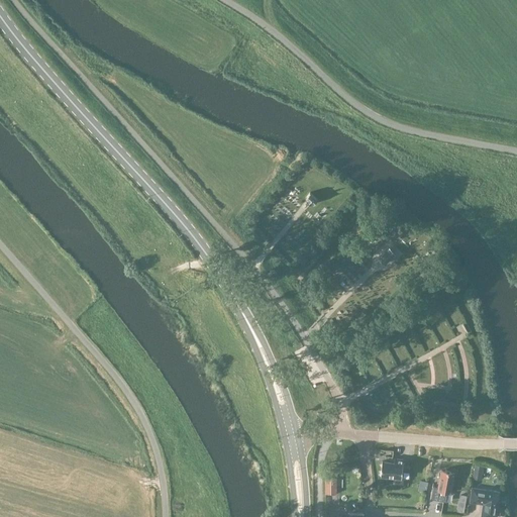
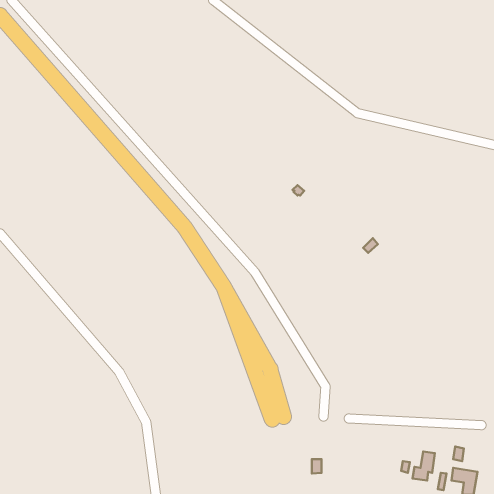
building: [381,459,404,480] -> none

